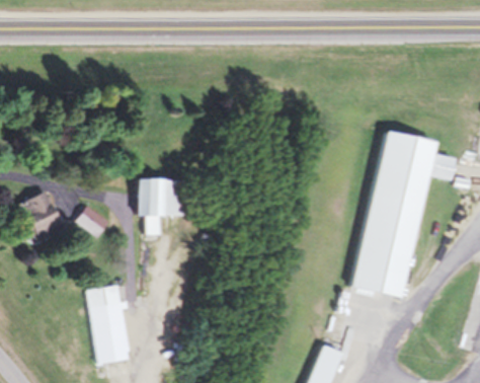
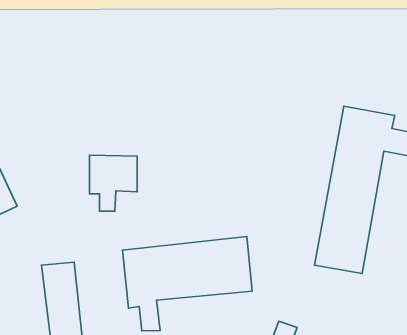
building: [72,205,107,238] -> none
building: none -> [123,237,252,331]

